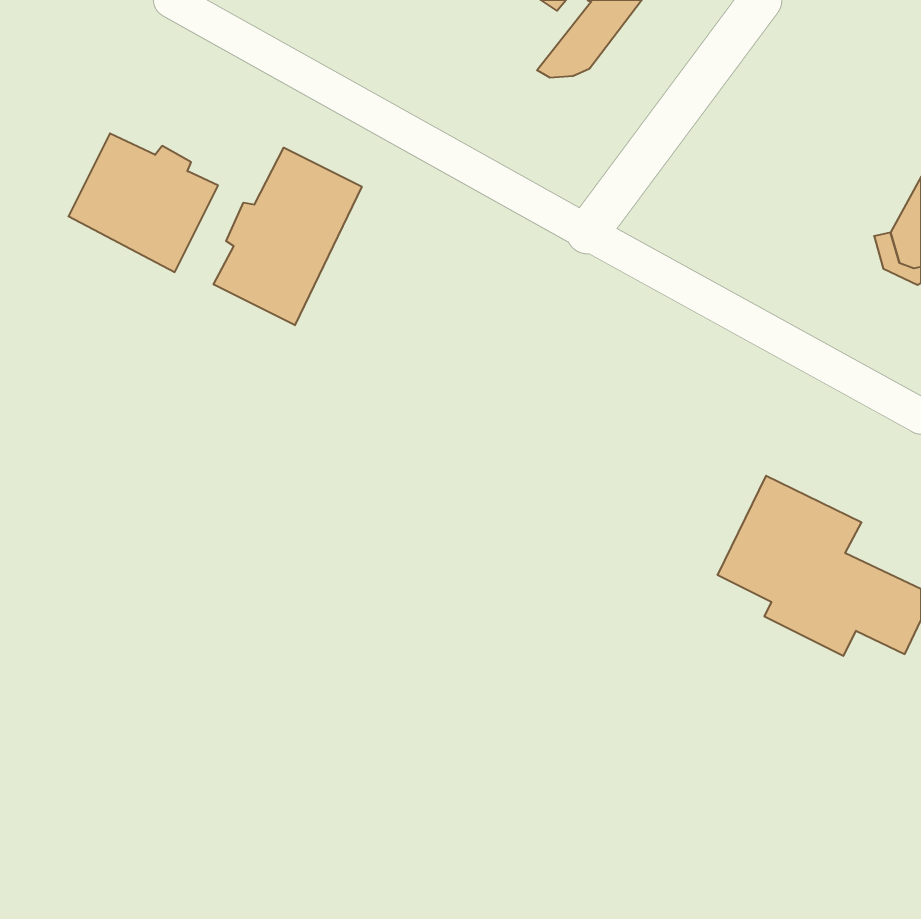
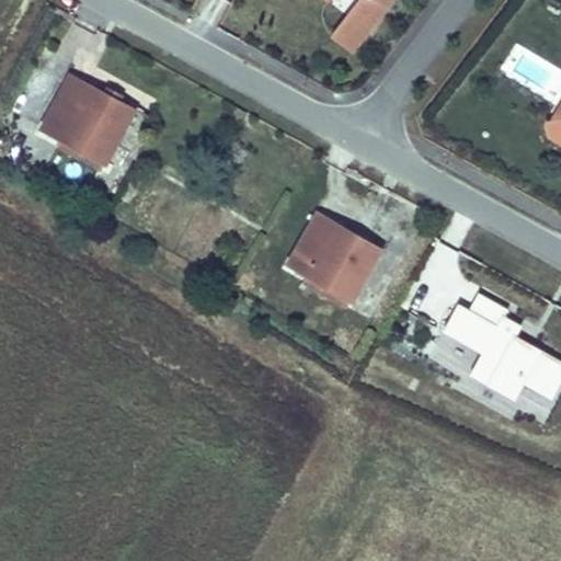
building: [214,148,362,325] -> none
building: none -> [294,215,380,297]

